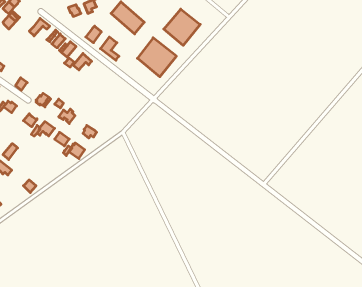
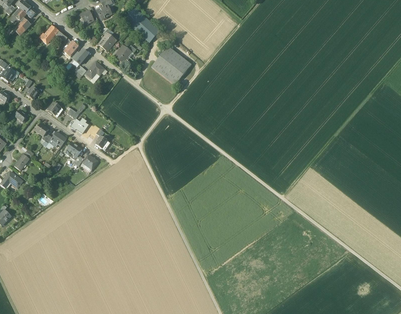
building: [164,9,200,45] -> none

